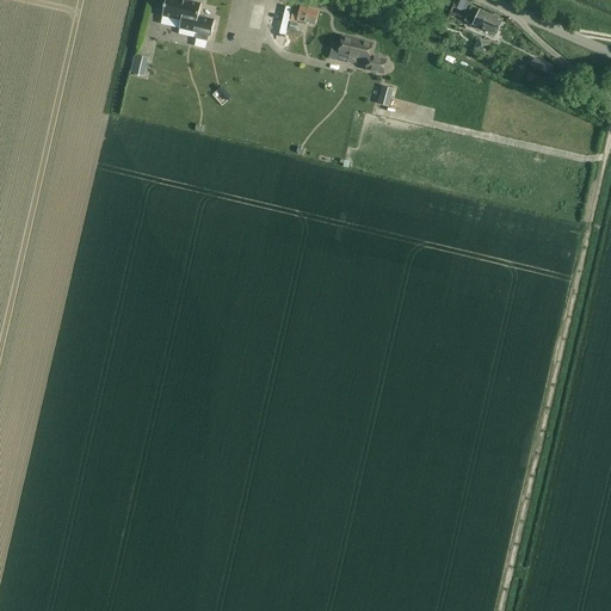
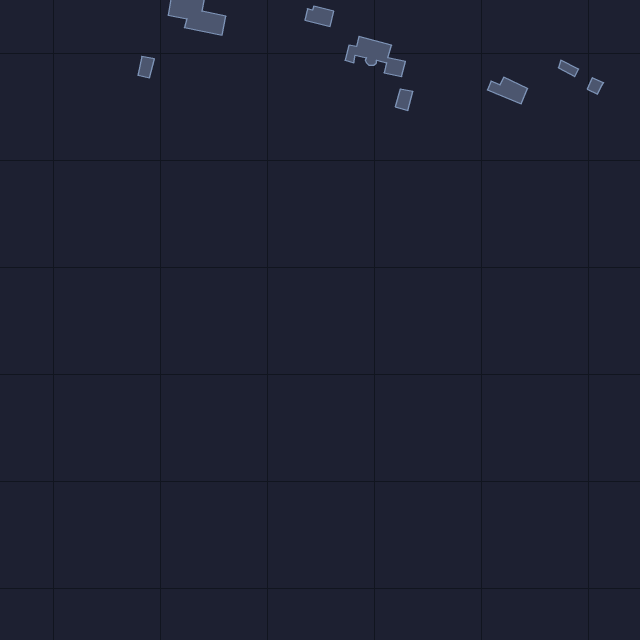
building: [463,8,501,33] -> [487,77,528,104]

